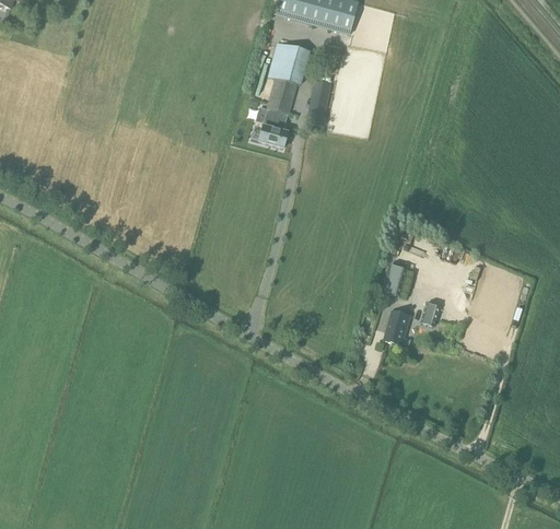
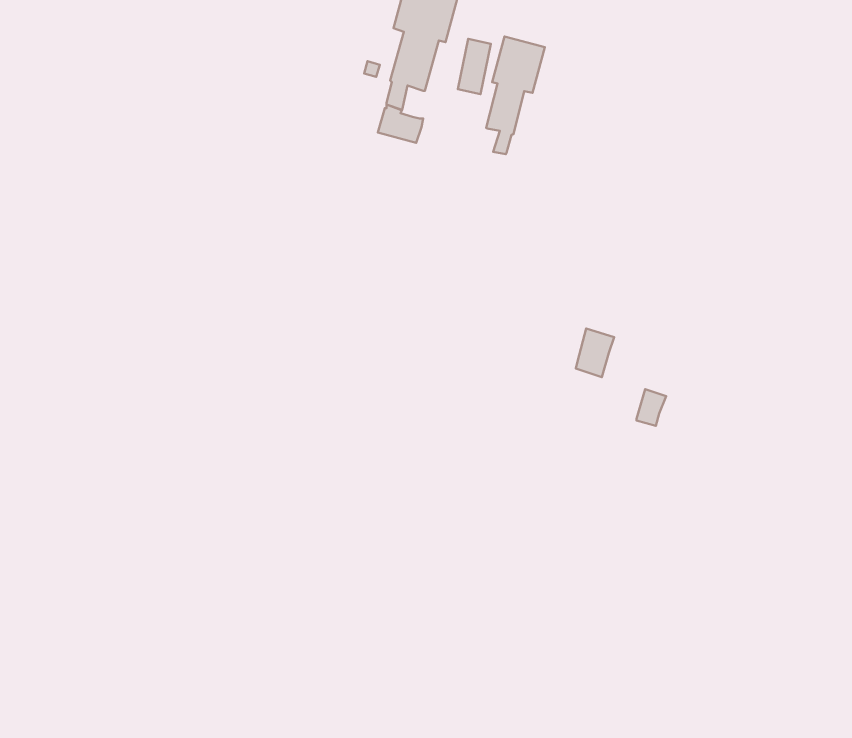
building: none -> [486,36,545,154]
building: [385,308,411,342] -> none

